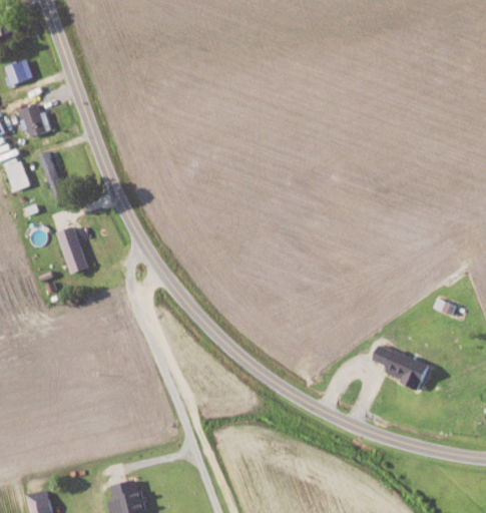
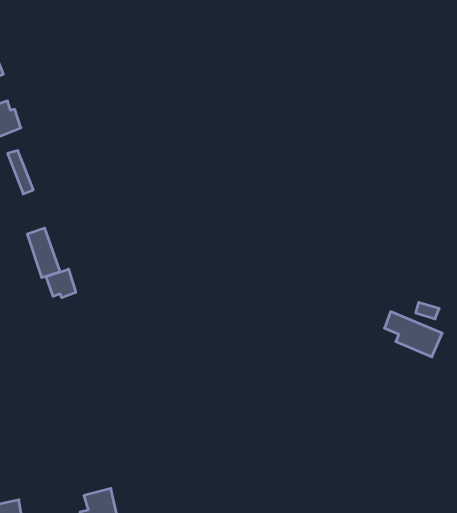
building: none -> [46,269,76,298]
building: [374,345,430,389] -> [384,312,442,357]

